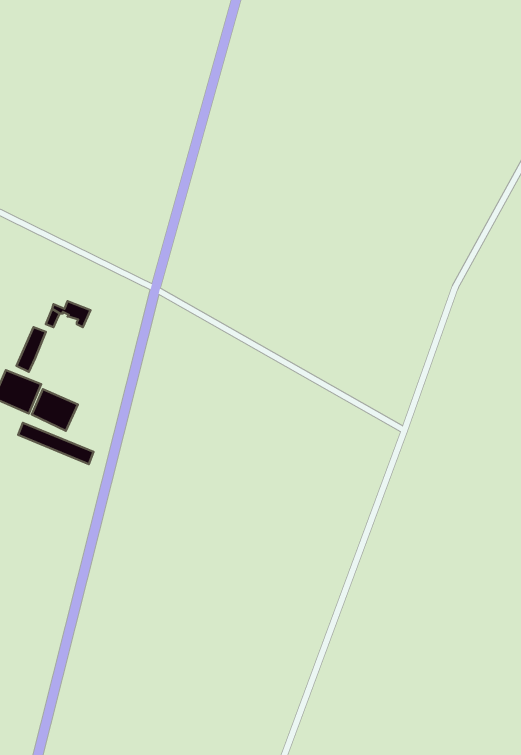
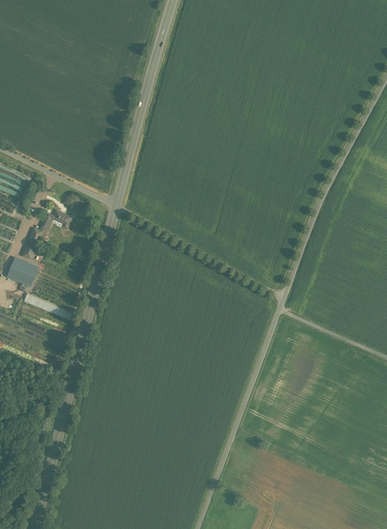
building: [32,389,78,431] -> none

